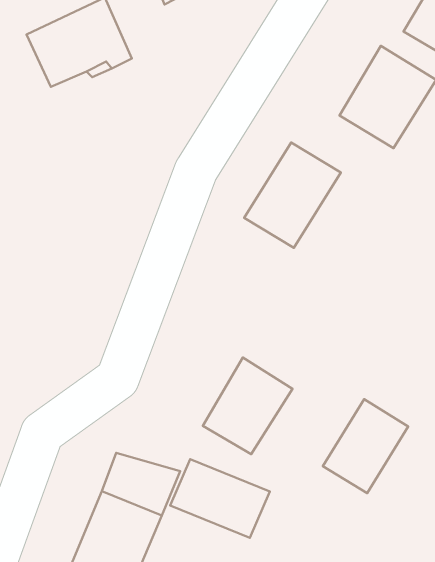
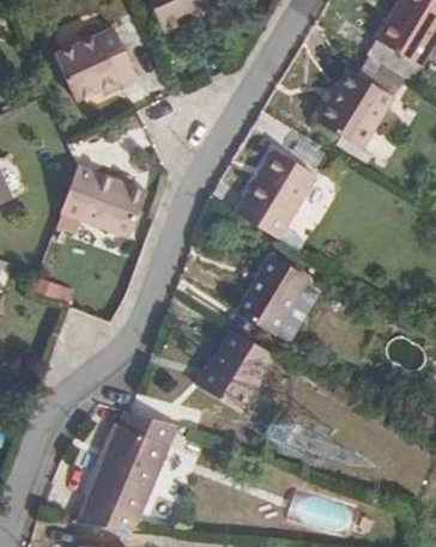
building: none -> [61,164,144,235]
building: [323,399,408,493] -> [235,253,307,332]
building: [170,459,270,538] -> none

